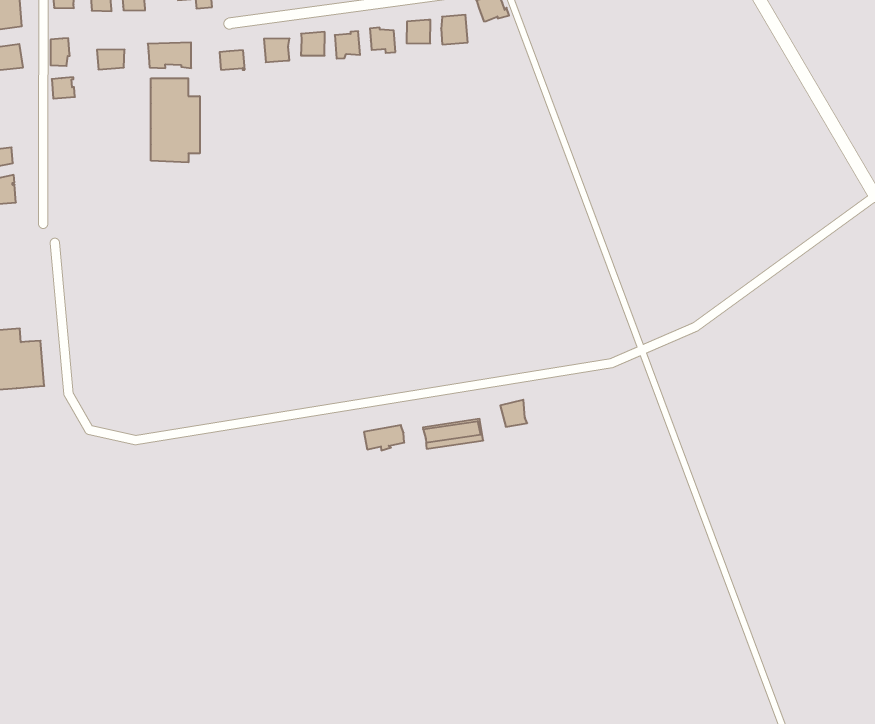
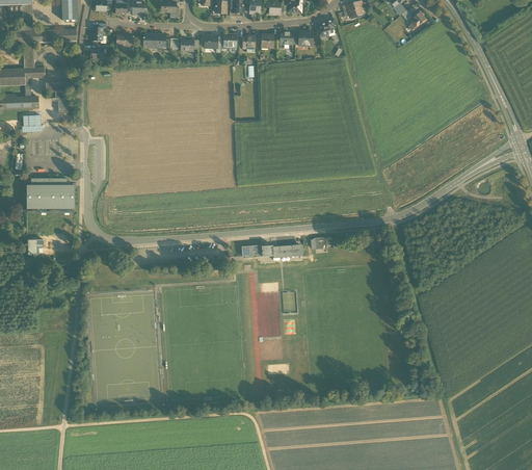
building: [151,78,200,162] -> none

